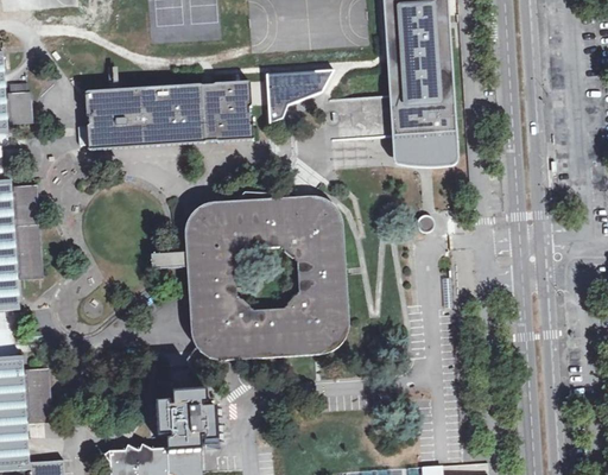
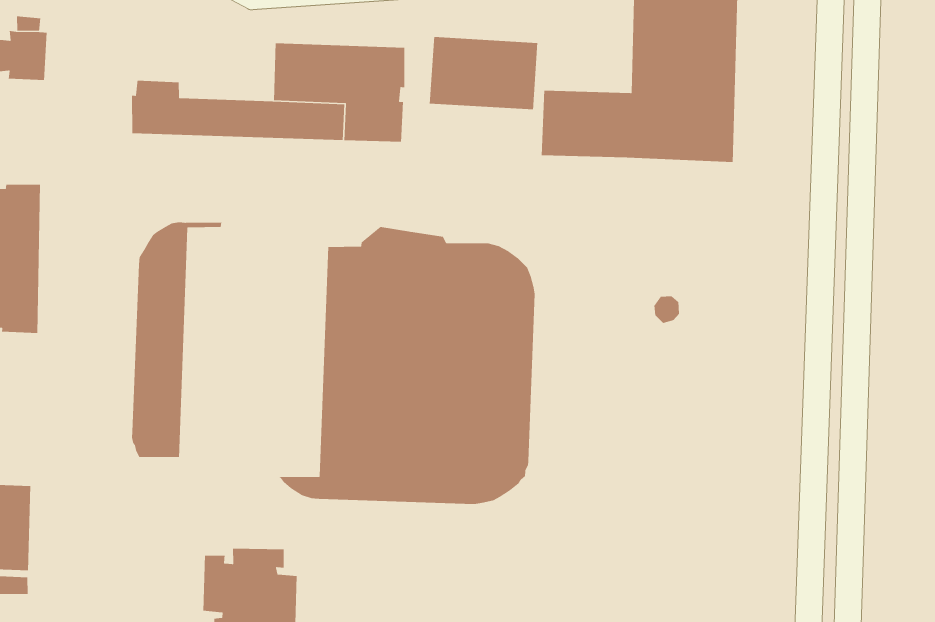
building: [83,84,172,124] -> none
building: [391,131,457,167] -> none
building: [185,200,235,348] -> [131,222,224,458]

